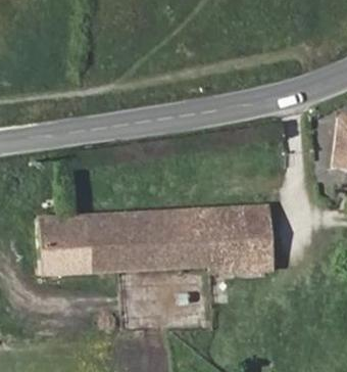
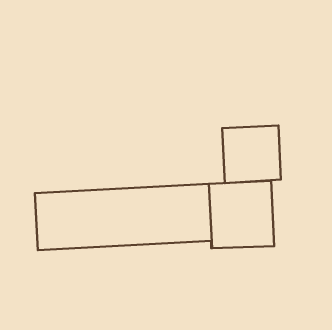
building: none -> [222,126,281,183]

